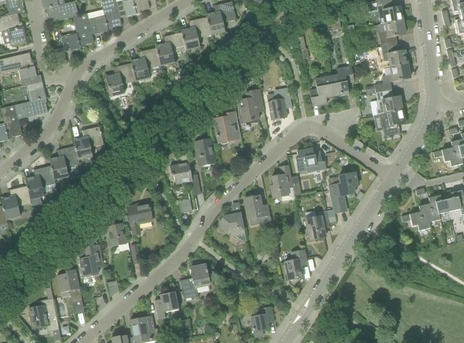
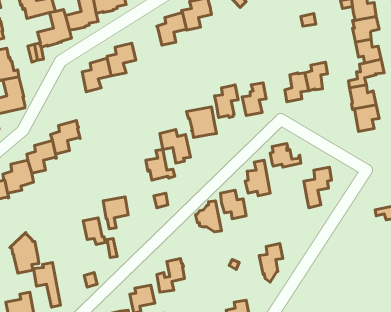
building: [156,32,186,65] -> none
building: [305,210,328,239] -> none
building: [75,235,104,276] -> [10,233,39,273]

